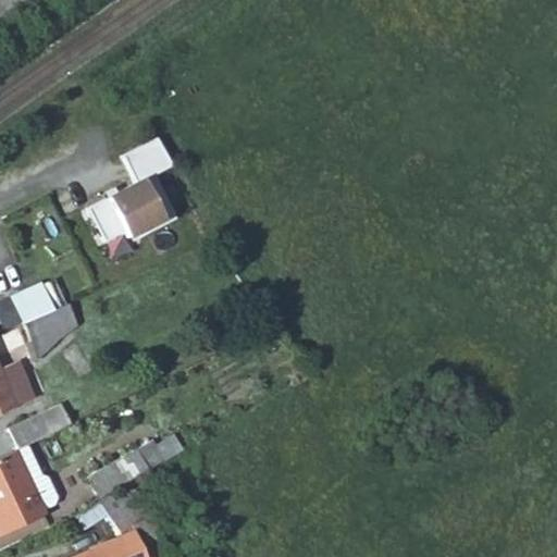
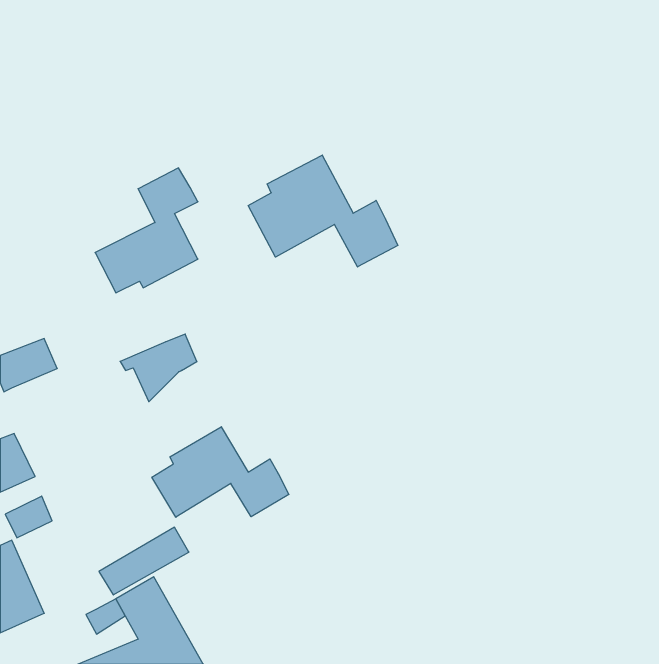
building: none -> [248,155,398,267]
building: [15,301,79,358] -> [120,334,197,402]
building: none -> [152,427,289,517]

